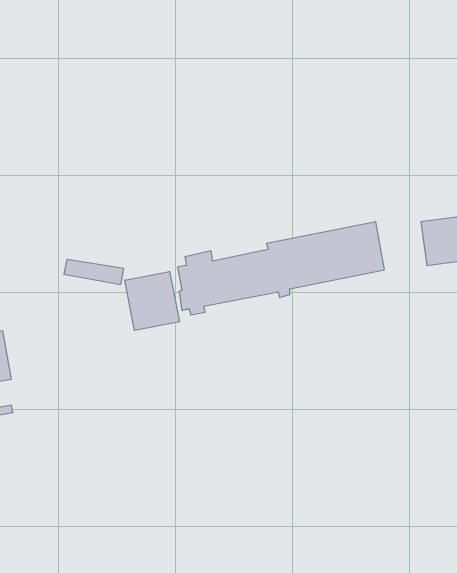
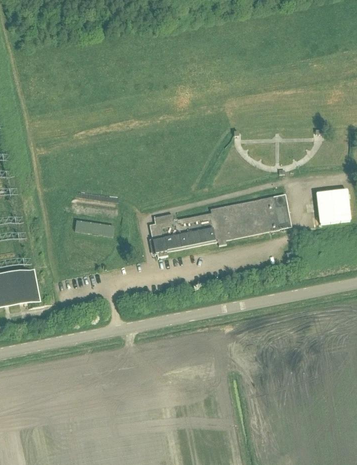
building: [125,271,179,330] -> none

